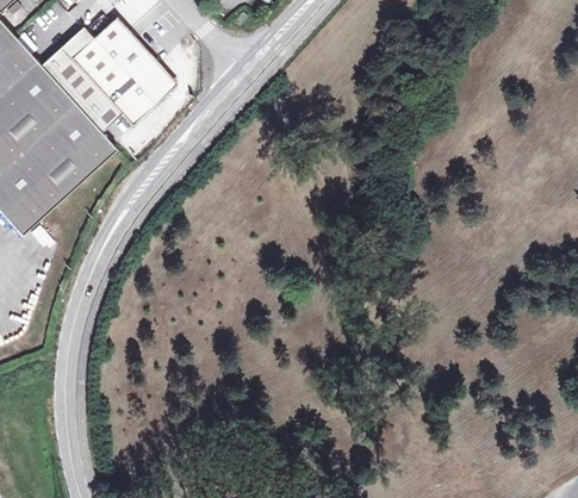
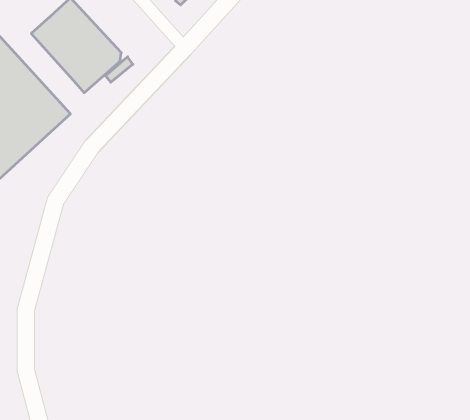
building: [42,26,122,131] -> none

